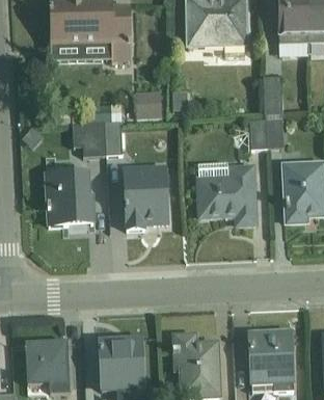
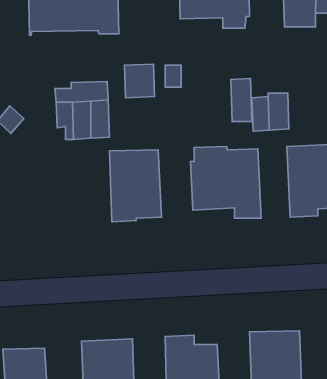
building: [264,76,282,114] -> [231,78,252,121]
building: [47,172,92,224] -> none

